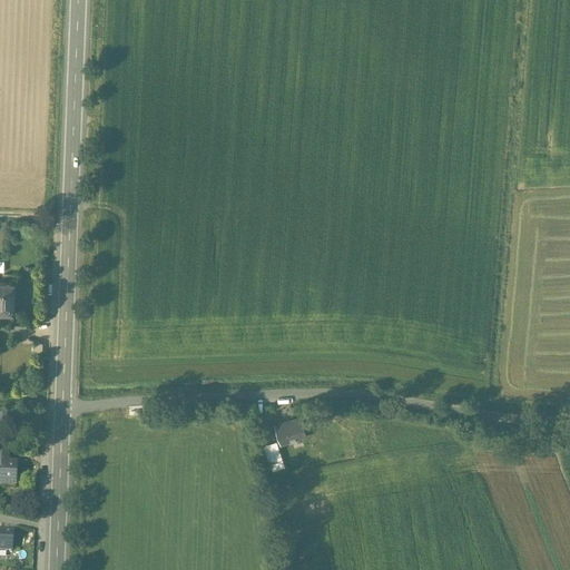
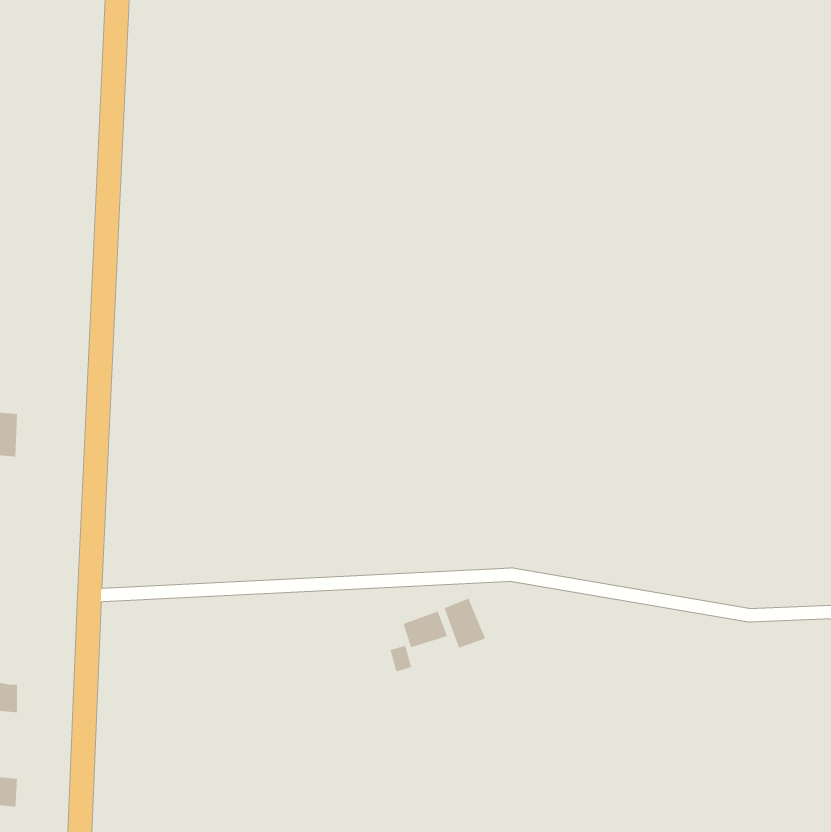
building: none -> [443,598,486,649]

